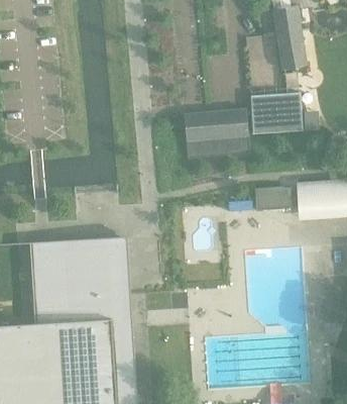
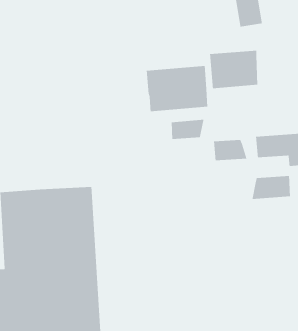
building: none -> [171,119,204,140]
building: none -> [251,175,291,200]

